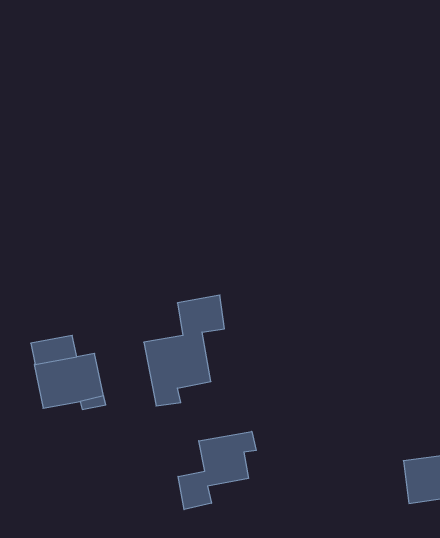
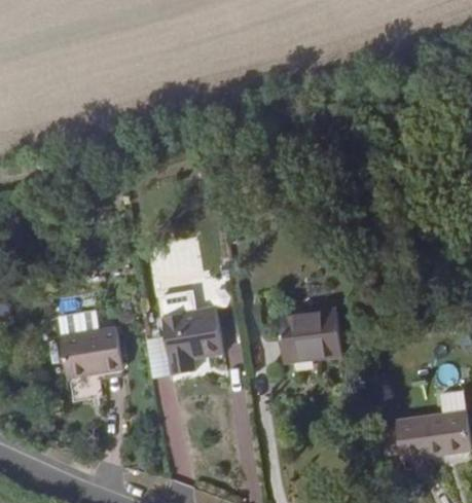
building: none -> [278,311,341,359]
building: [178,431,256,510] -> none

